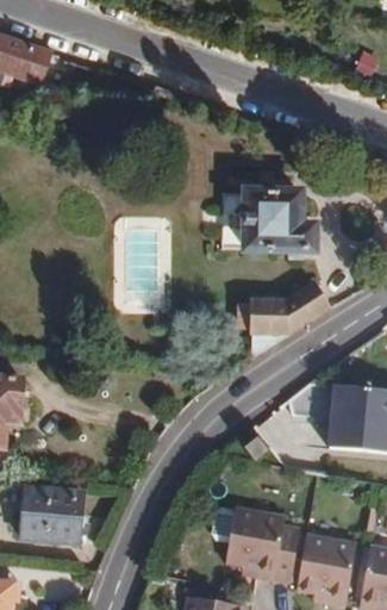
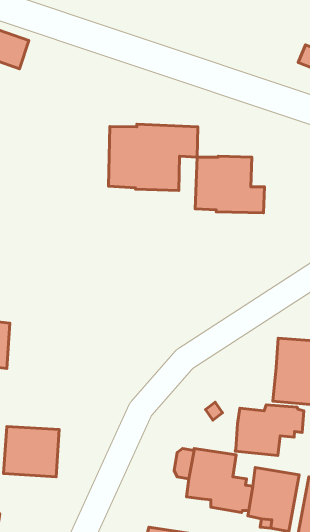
building: none -> [109,124,198,190]
building: [251,278,332,356] -> none
building: none -> [235,405,304,455]

